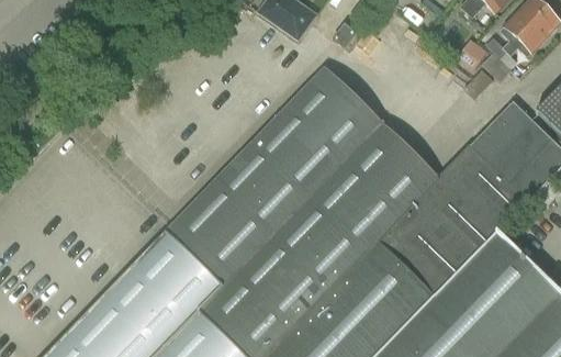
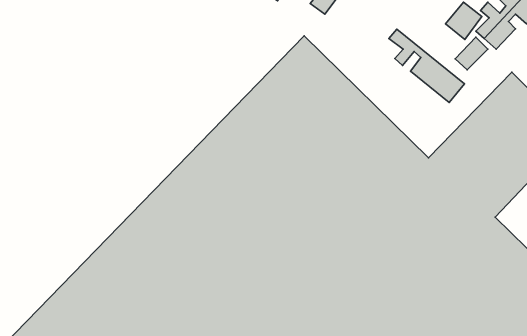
building: none -> [389,29,464,102]

